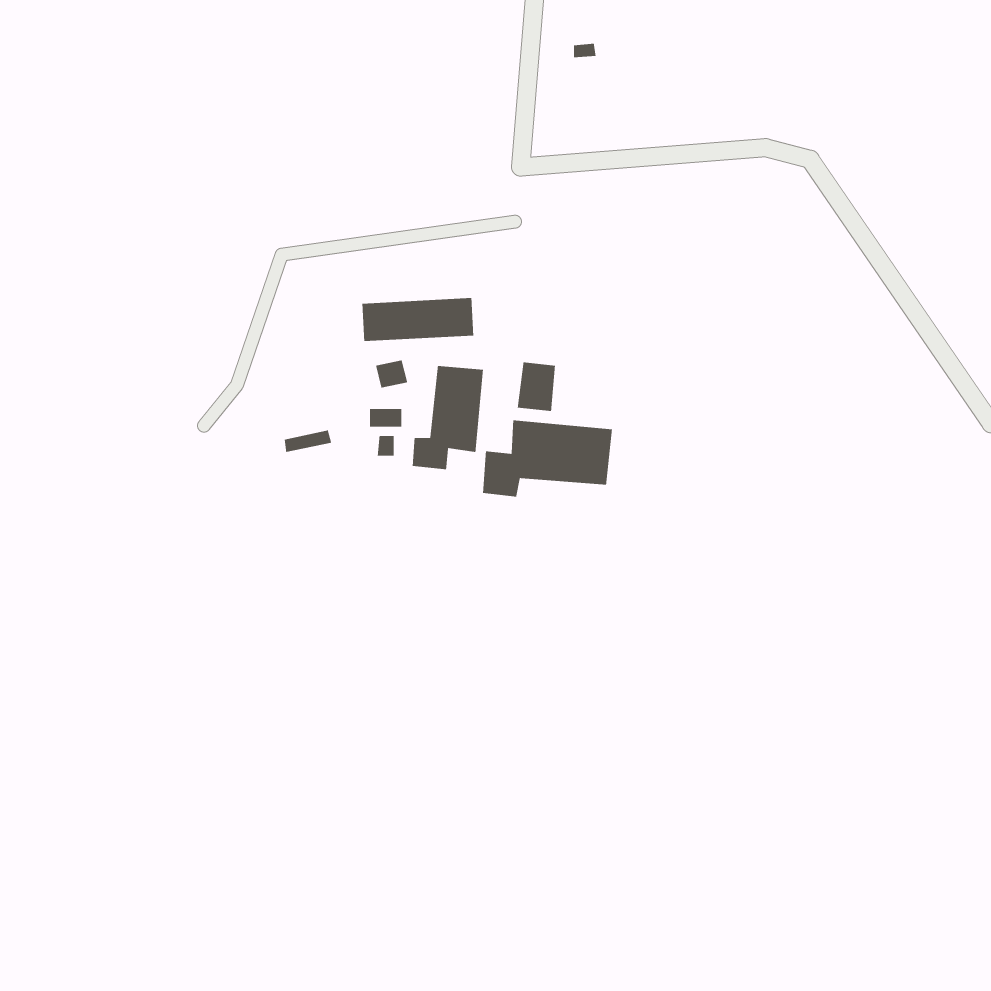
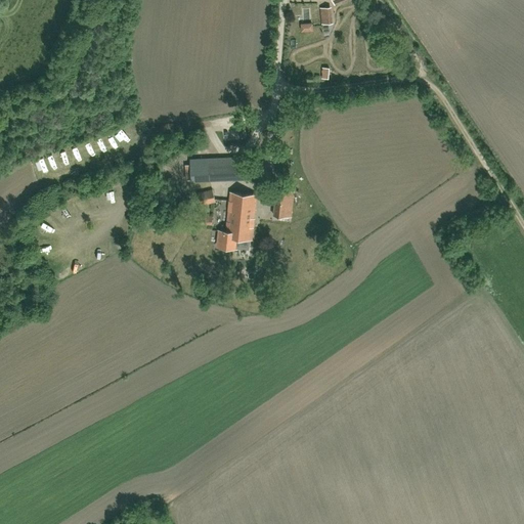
building: [482,420,613,498] -> none

